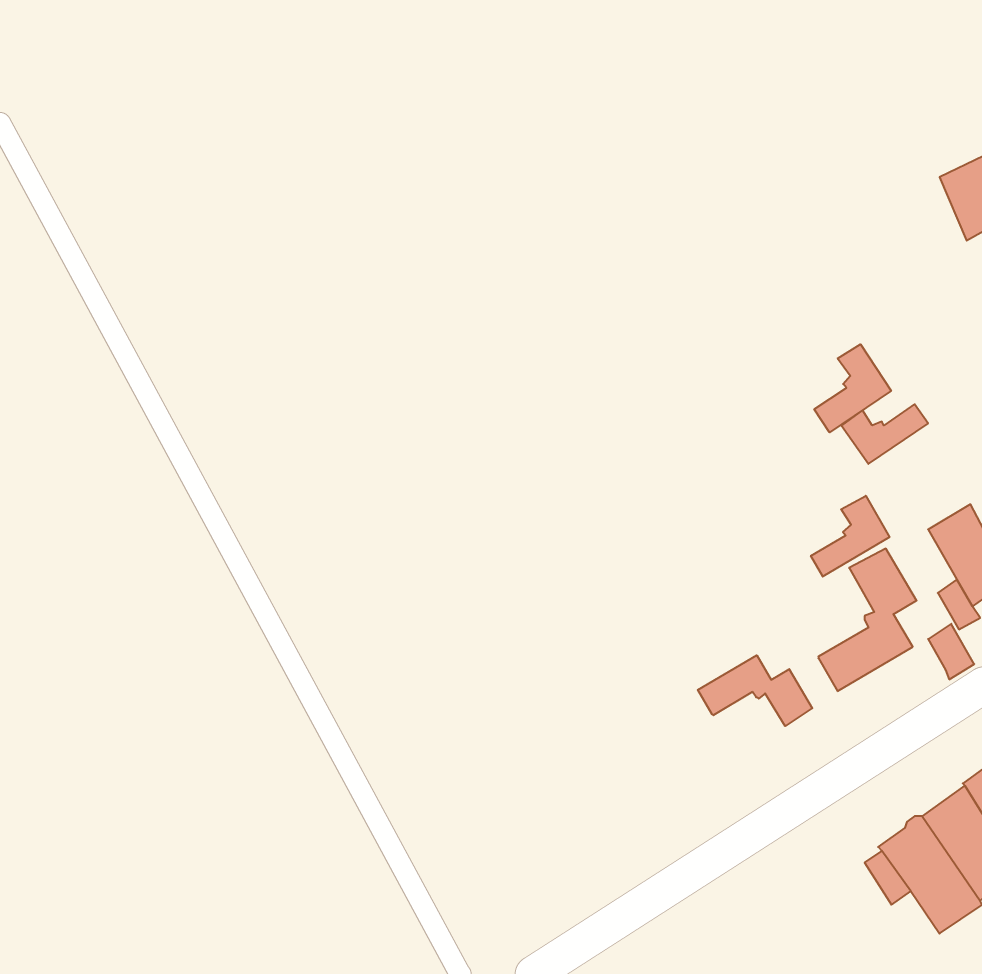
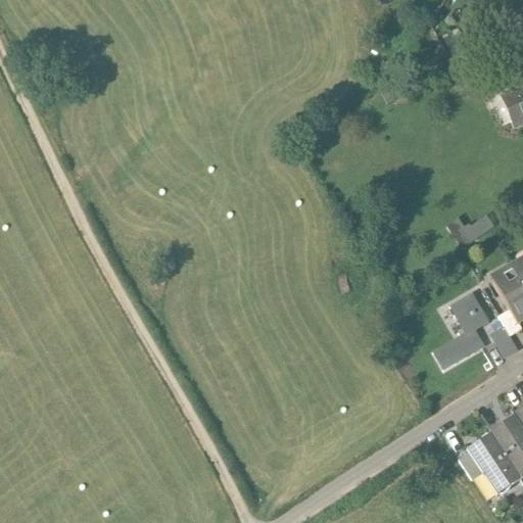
building: [814,344,891,432] -> none
building: [811,496,889,577] -> none
building: [698,655,812,726] -> none

